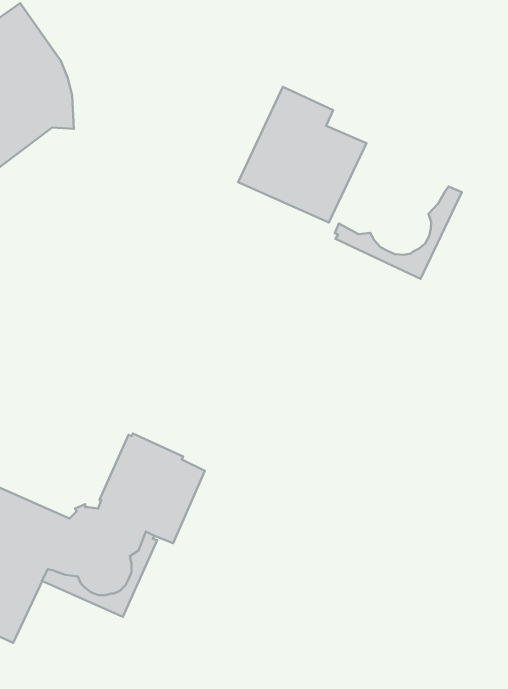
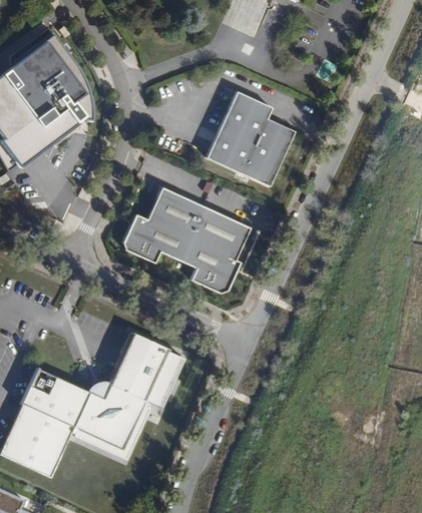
building: [335,187,462,279] -> none
building: none -> [123,188,252,295]

